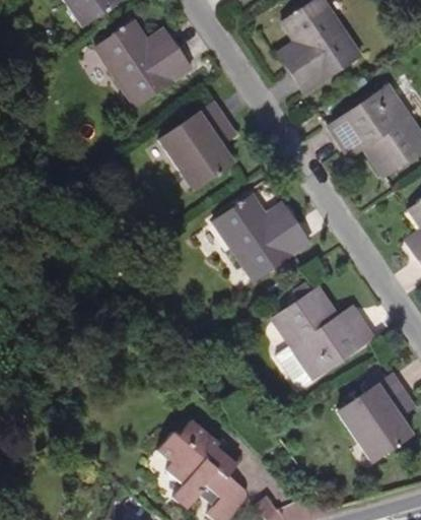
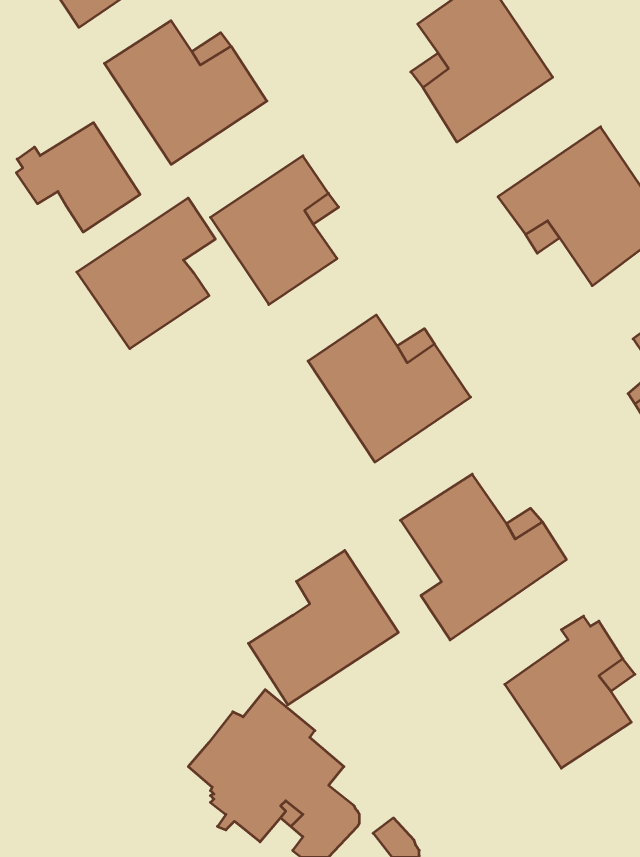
building: none -> [16,123,140,232]
building: none -> [77,198,215,349]
building: none -> [248,550,398,705]

